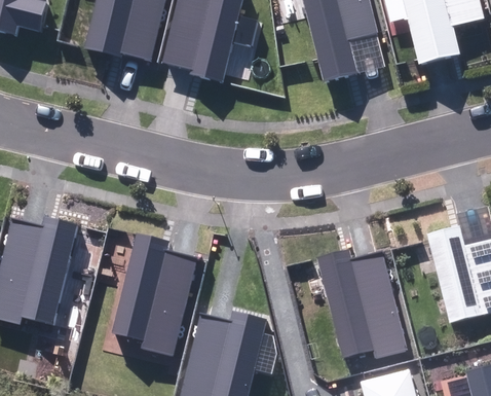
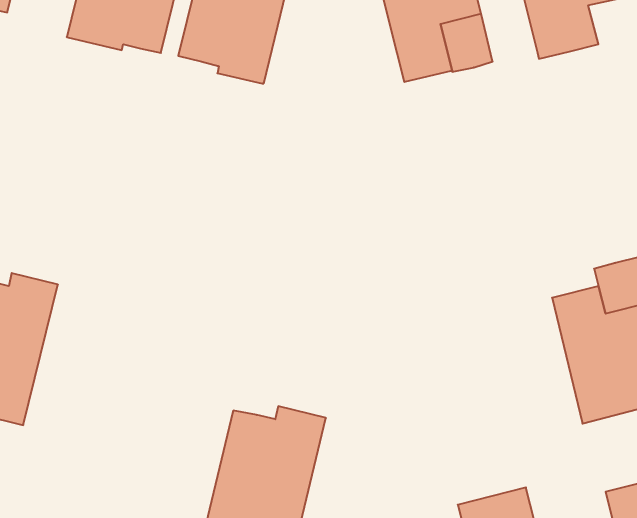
building: [112,233,197,356] -> none
building: [318,249,408,358] -> none

